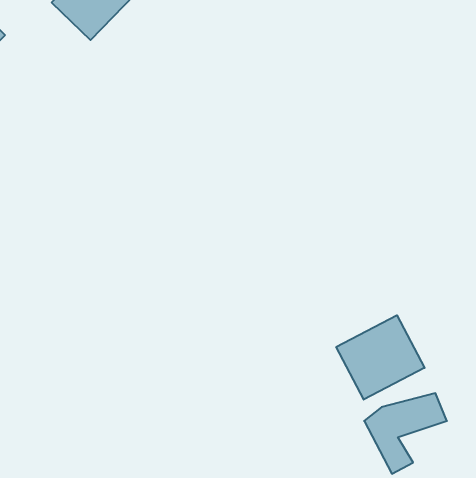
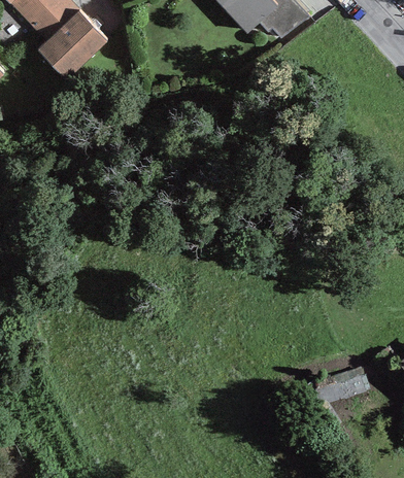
building: [336,315,425,400] -> none

